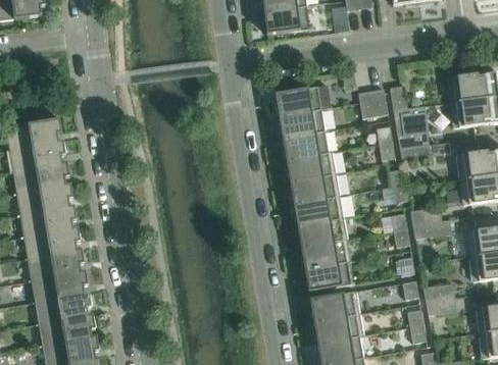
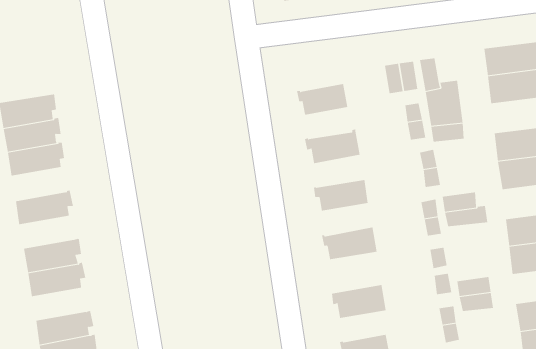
building: [275,85,331,116] -> none
building: [282,131,328,159] -> none
building: [289,173,340,203] -> none
building: [19,184,72,215] -> none
building: [296,217,347,247] -> none
building: [27,227,80,258] -> none
building: [304,262,350,292] -> none
building: [38,292,91,323] -> none
building: [312,314,363,343] -> none

